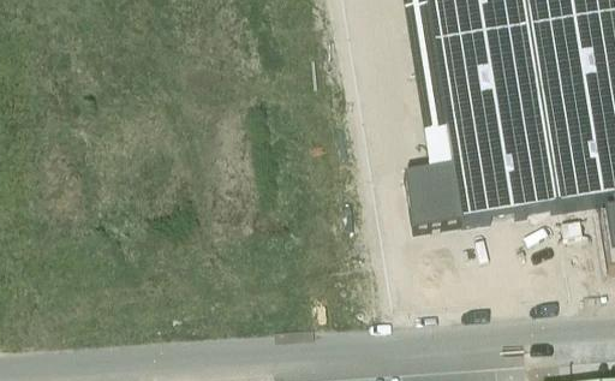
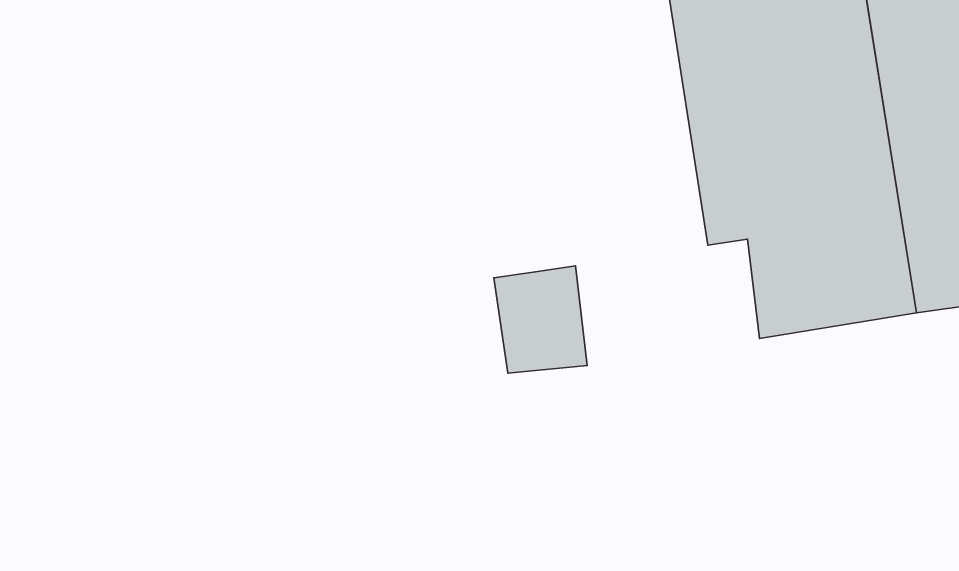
building: [410,169,466,234] -> [494,266,587,373]

